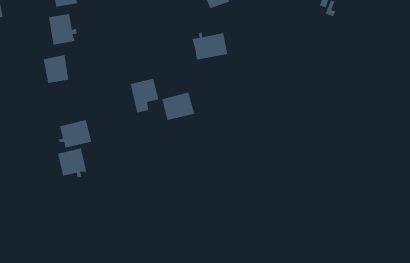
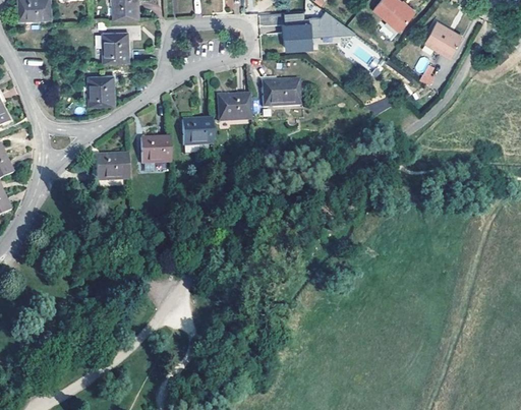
building: [161,92,195,120] -> [217,94,252,122]
building: none -> [139,139,171,167]
building: [57,147,87,178] -> none

